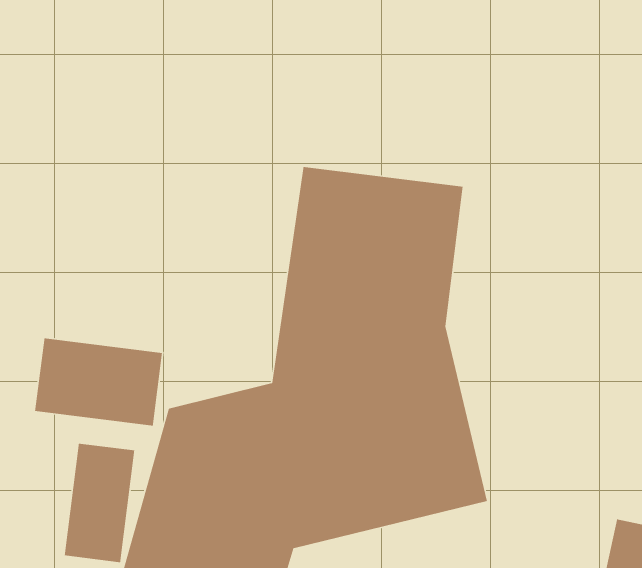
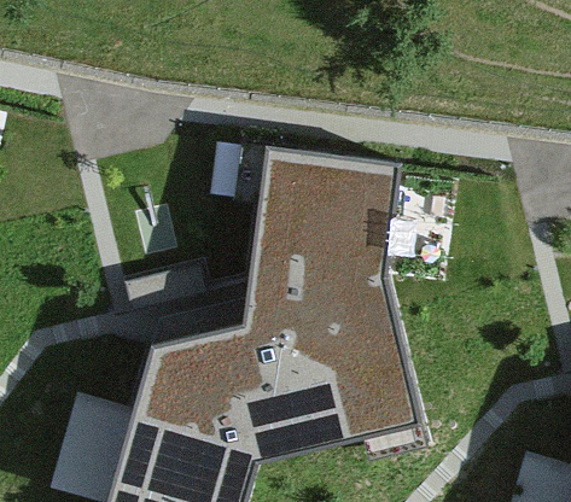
building: [34,337,163,427] -> none

